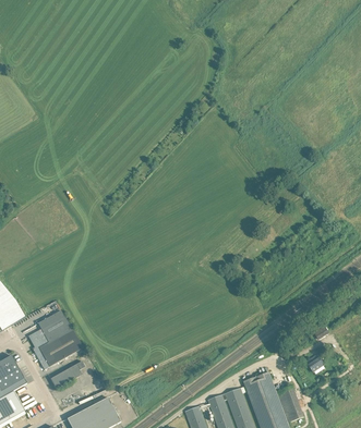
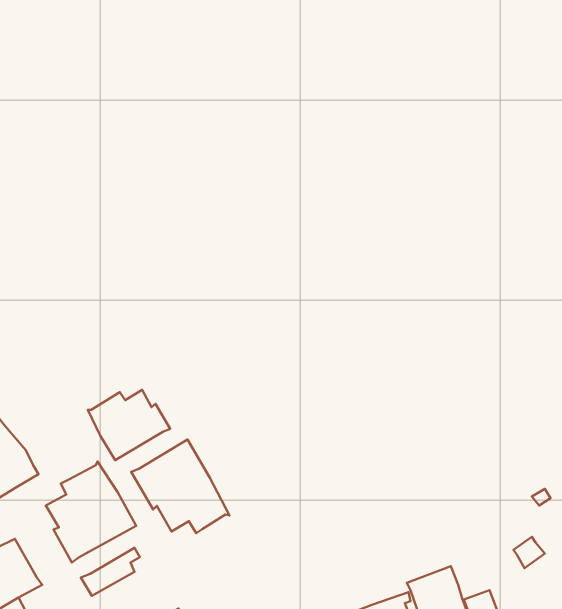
building: none -> [88,390,170,460]
building: none -> [131,440,229,533]

